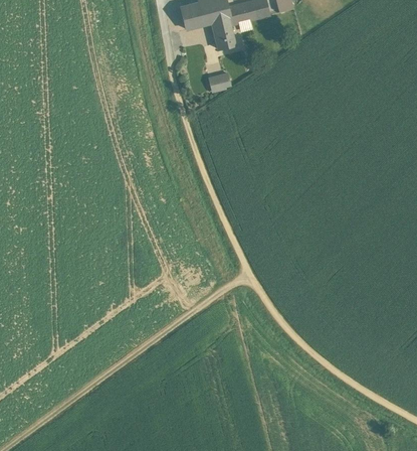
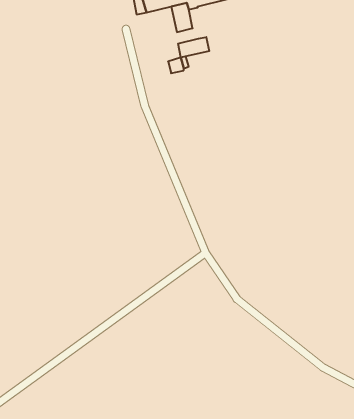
building: none -> [178,37,209,58]

